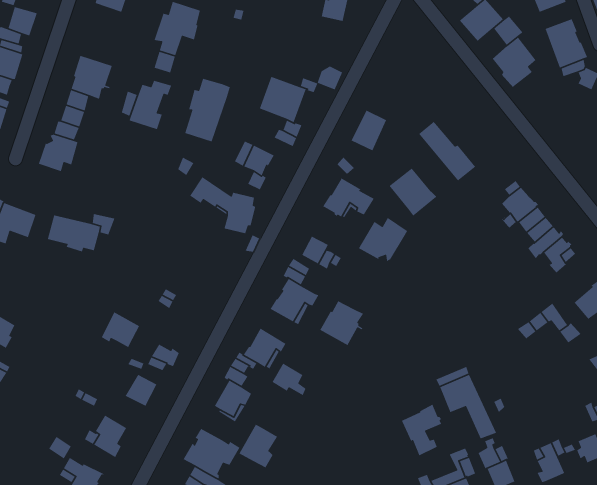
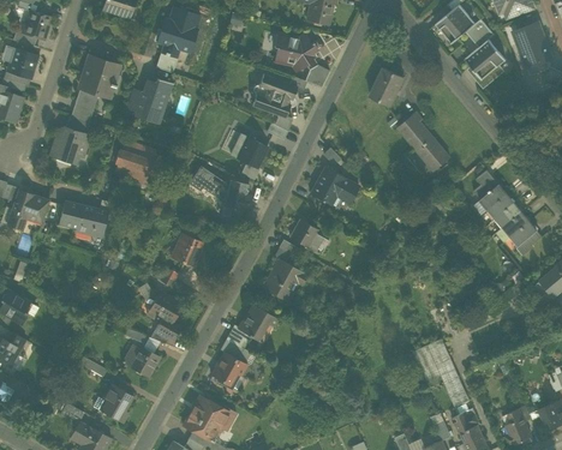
building: none -> [274,34,317,71]
building: [184,78,231,142] -> none
building: [350,109,387,152] -> [370,67,403,106]
building: none -> [114,140,155,182]
building: [388,167,438,217] -> none
building: [358,217,408,262] -> none
building: none -> [172,233,203,266]
building: [319,300,364,346] -> none
building: [101,311,140,348] -> [147,290,183,324]
building: [271,362,307,396] -> none
building: [400,404,444,456] -> none
building: [238,423,278,468] -> none

